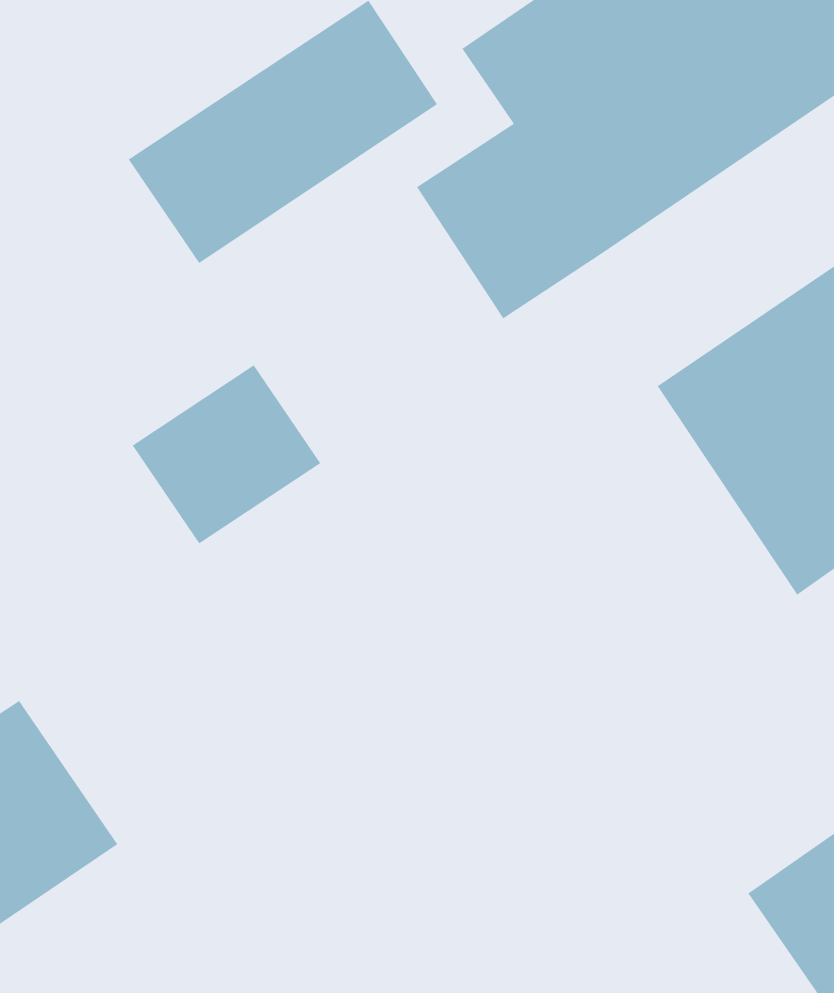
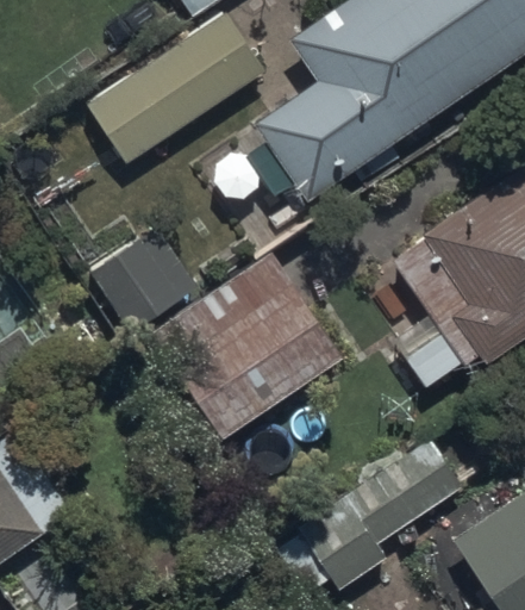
building: none -> [144,259,342,447]
building: none -> [293,443,460,600]

